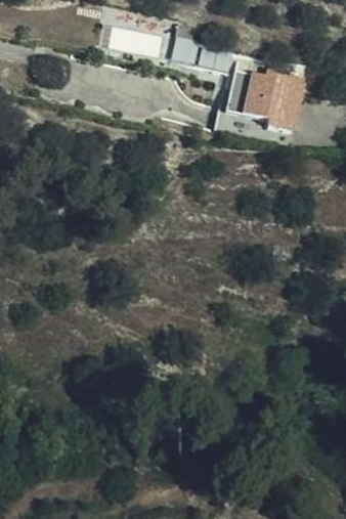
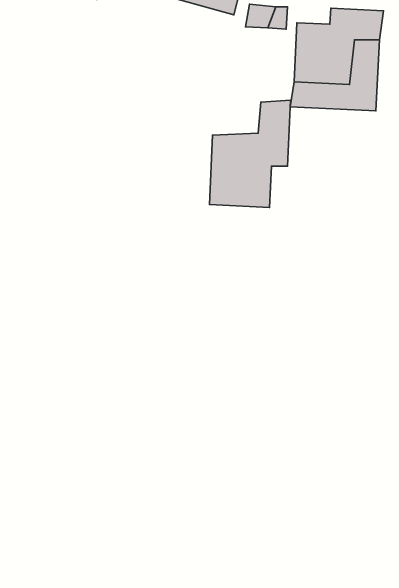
building: none -> [209,100,291,207]

